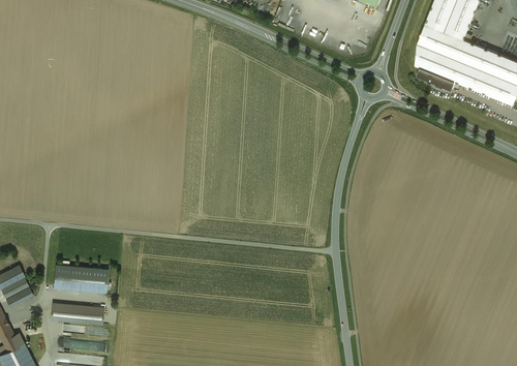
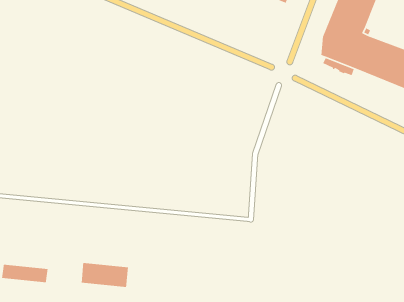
building: [54,264,109,293] -> [81,262,129,288]

